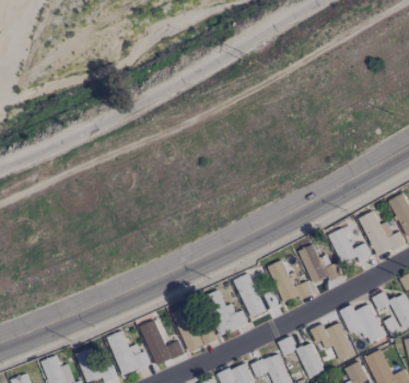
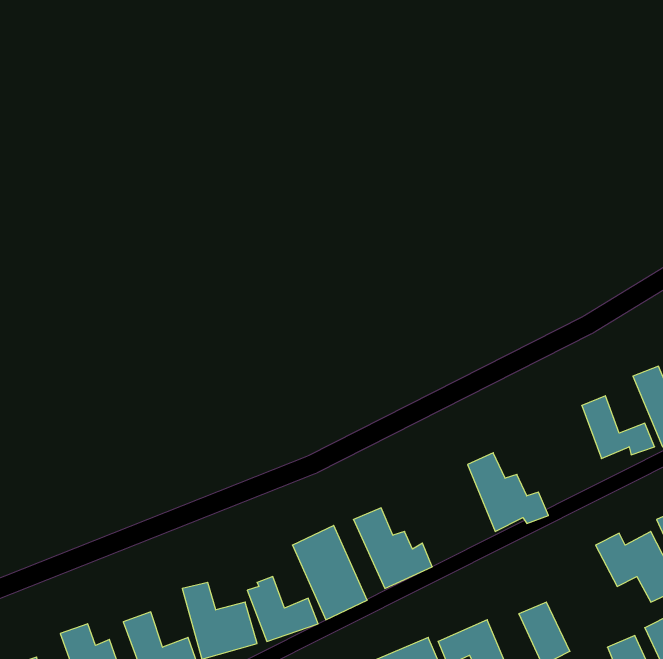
building: [297,244,342,283] -> none
building: [232,268,277,318] -> none
building: [309,322,353,362] -> none

